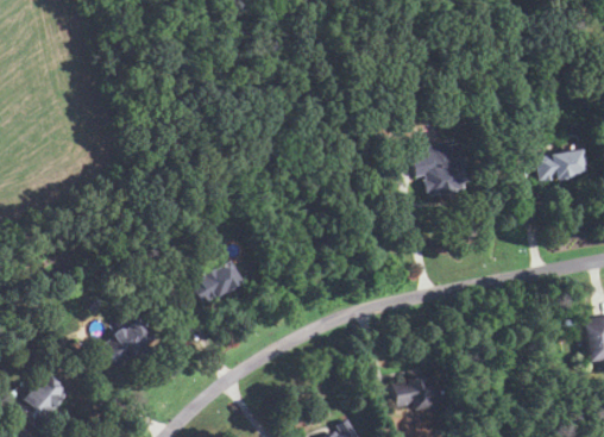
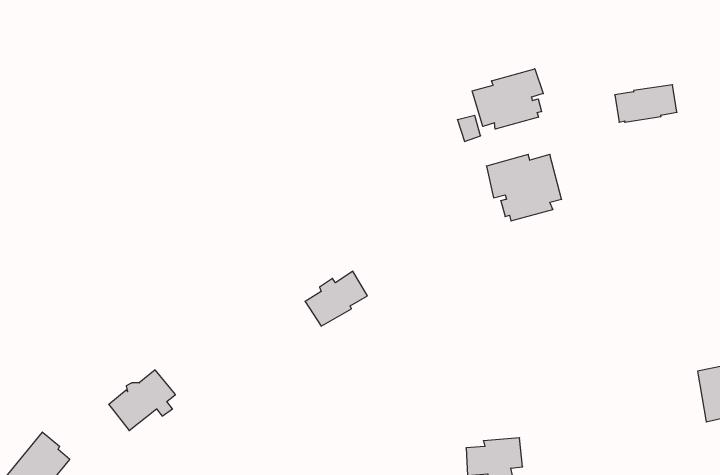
building: none -> [472,69,543,129]
building: [536,149,587,180] -> [615,85,677,122]
building: [190,261,241,306] -> [305,271,367,326]

